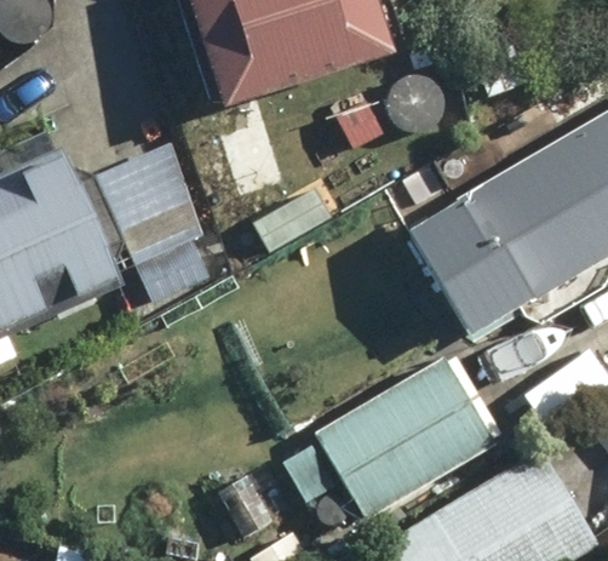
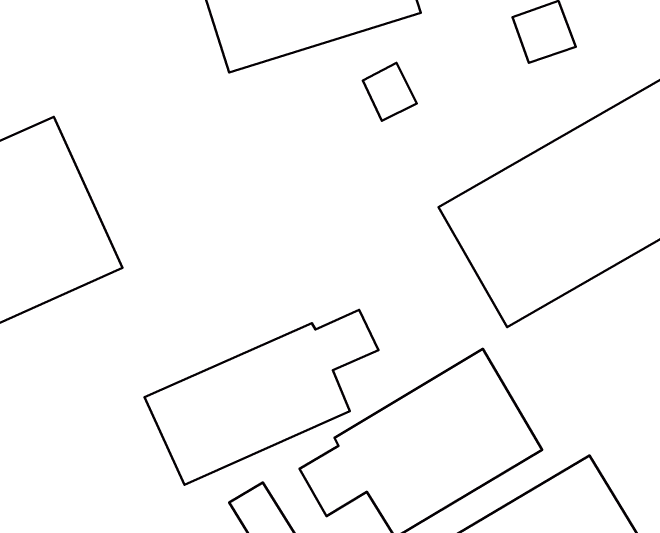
building: [92,141,211,304] -> none
building: none -> [145,310,378,485]

